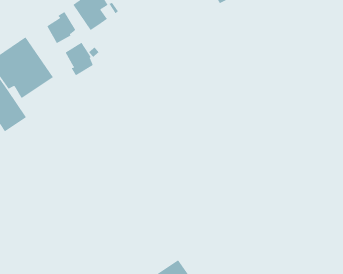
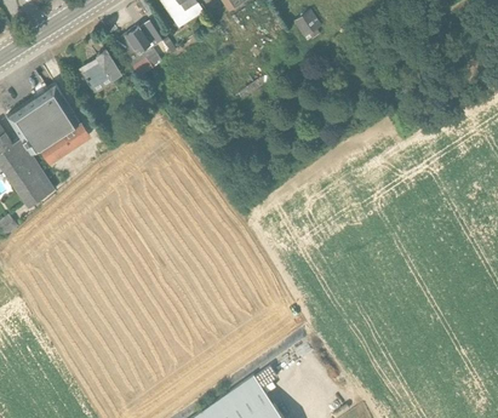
building: [65,42,94,76] -> none

